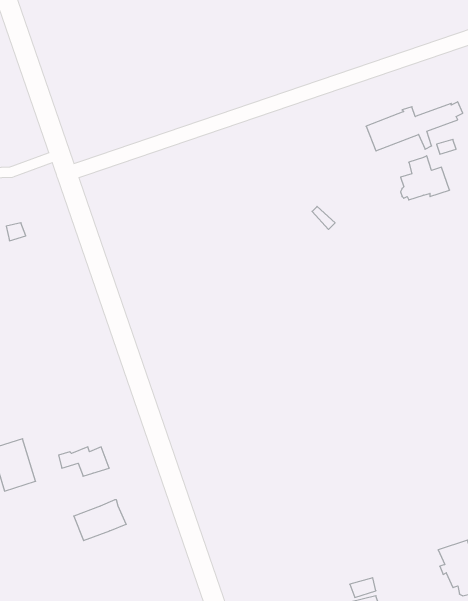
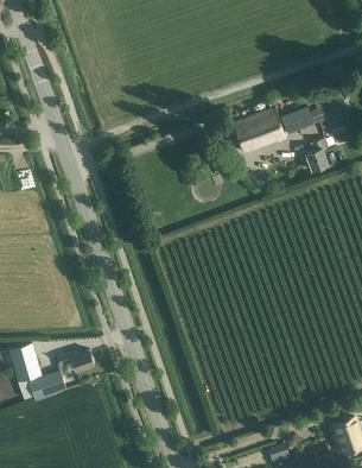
building: none -> [233,107,285,152]
building: [74,500,126,541] -> [28,371,66,400]

